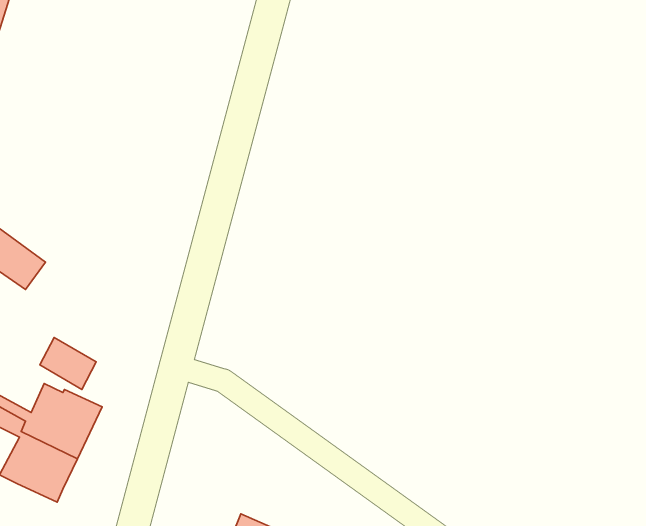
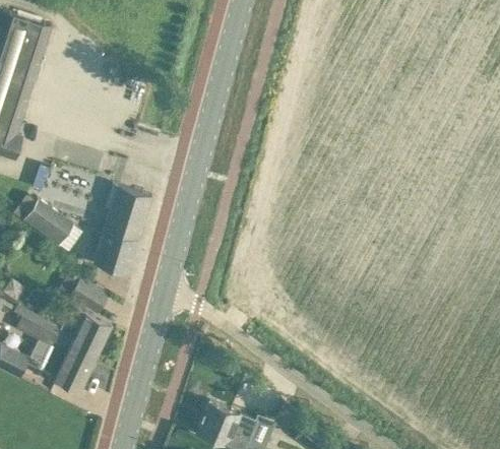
building: none -> [93,187,152,275]

